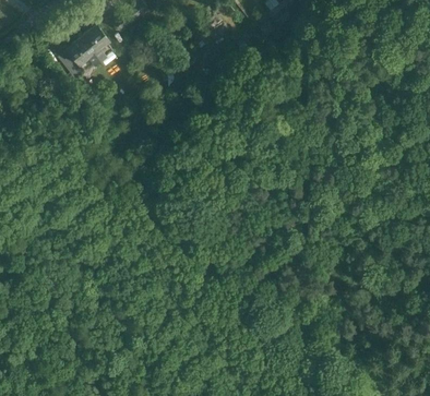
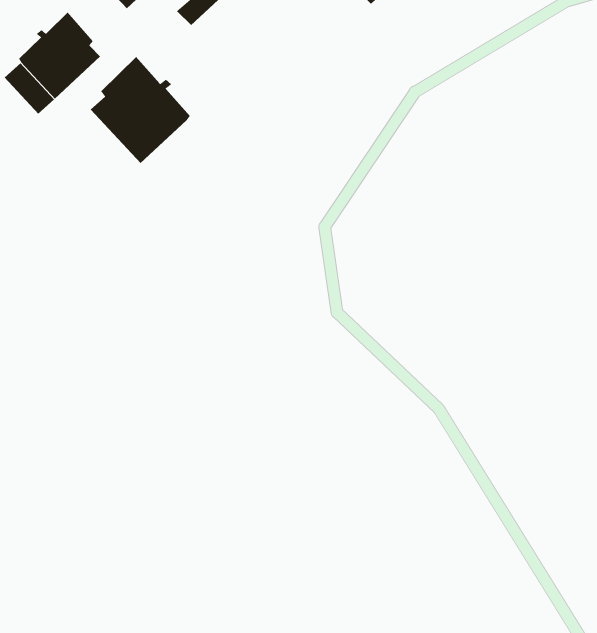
building: none -> [90,56,191,164]

